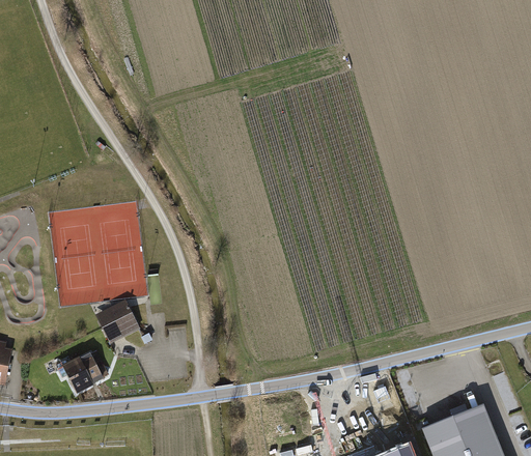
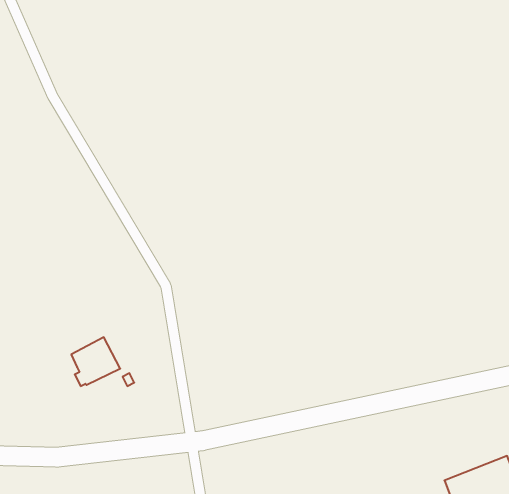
building: [59,354,108,397] -> none

